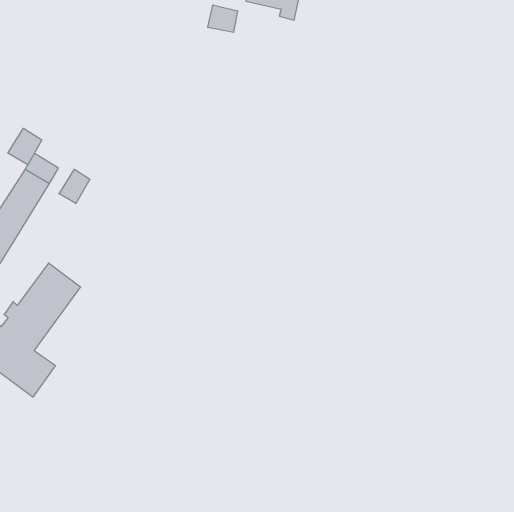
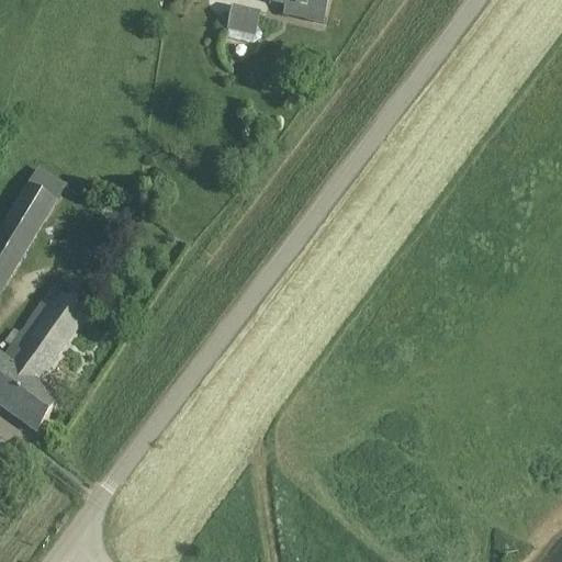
building: [8,128,42,165] -> none
building: [59,169,90,204] -> none

